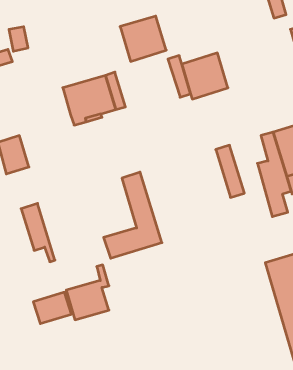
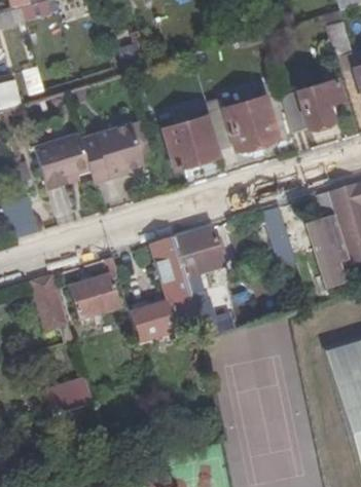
building: [120,16,166,61] -> [164,115,218,168]
building: none -> [281,84,340,134]
building: none -> [37,132,92,189]
building: none -> [174,225,232,337]
building: [66,265,109,320] -> [70,255,120,320]

